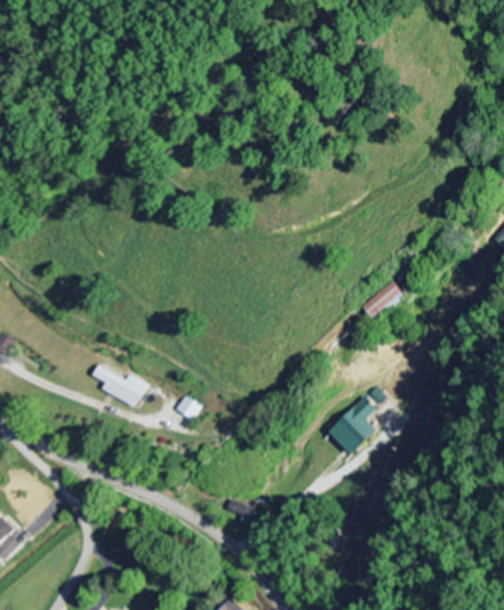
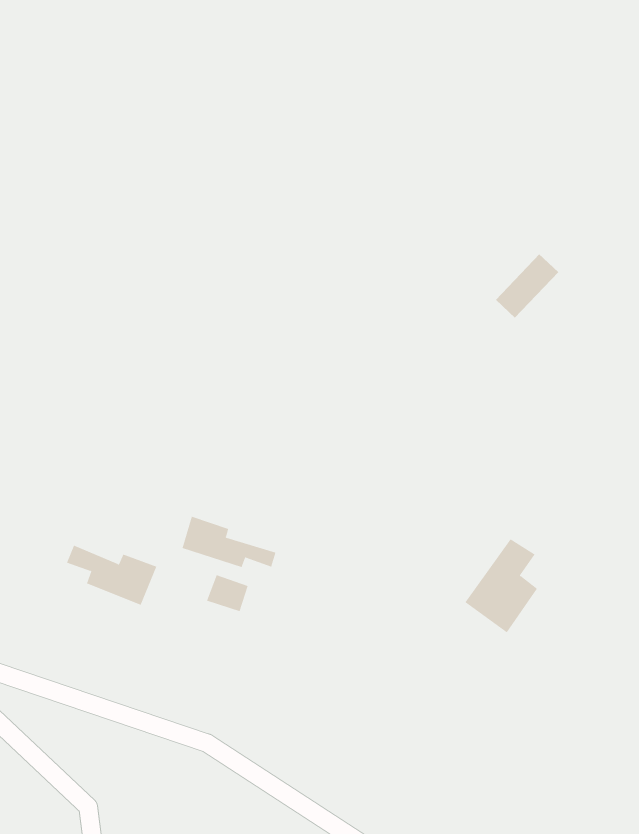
building: [363,279,405,317] -> [495,254,559,318]
building: none -> [182,516,276,568]

